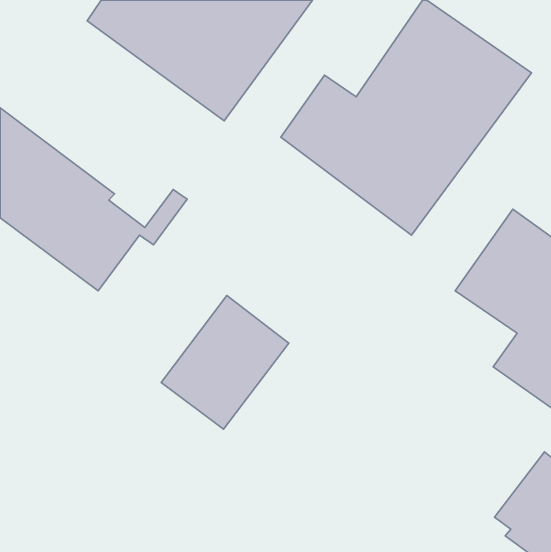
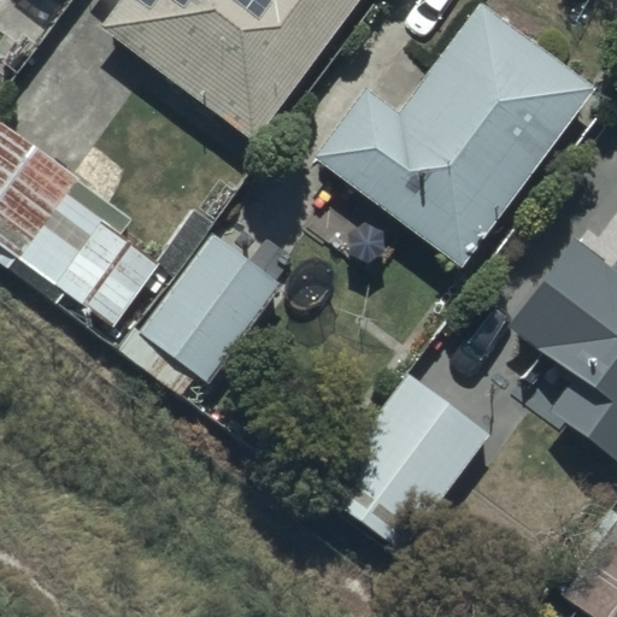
building: [161,295,289,429] -> [140,234,281,382]
building: none -> [322,374,492,583]

